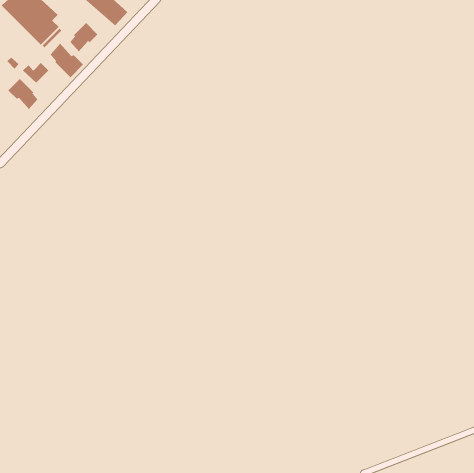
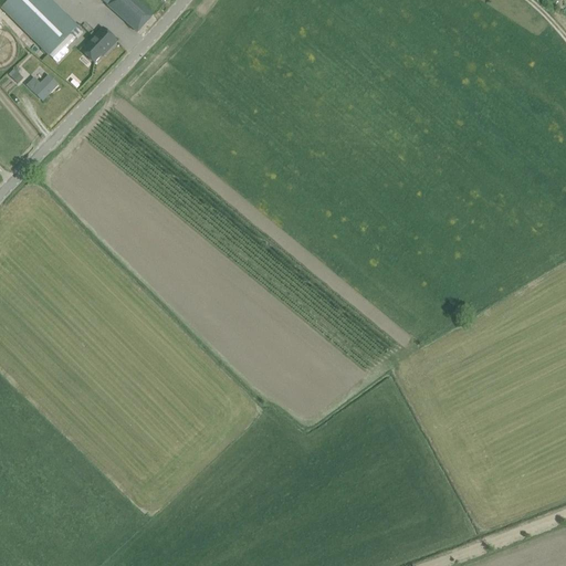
building: [50,43,84,78] -> none
building: [8,78,38,110] -> none

